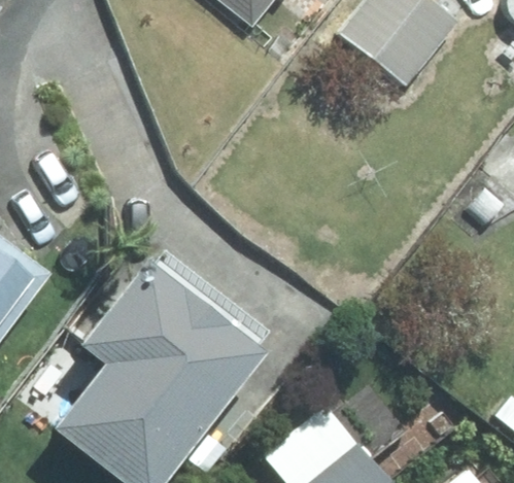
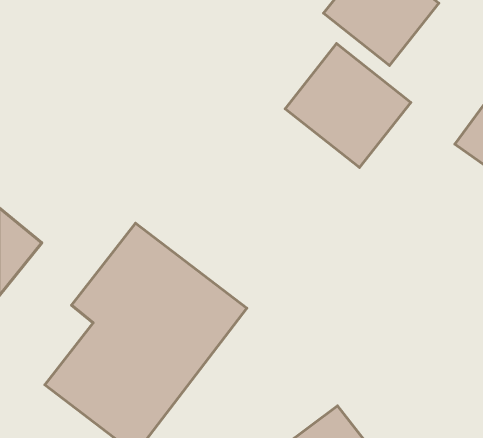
building: none -> [285,44,411,168]

